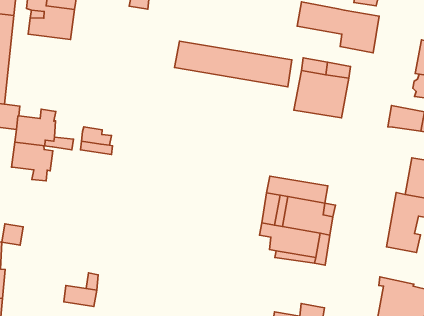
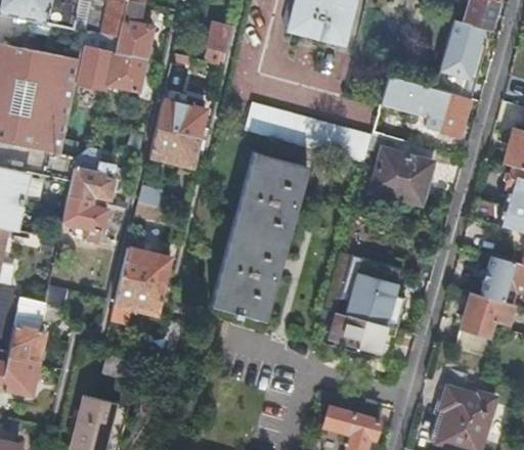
building: none -> [150,100,206,167]
building: none -> [213,154,308,321]
building: none -> [112,249,171,323]

